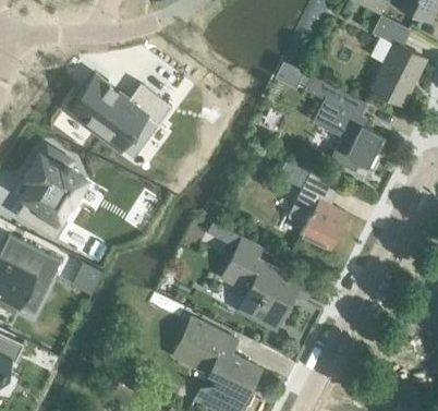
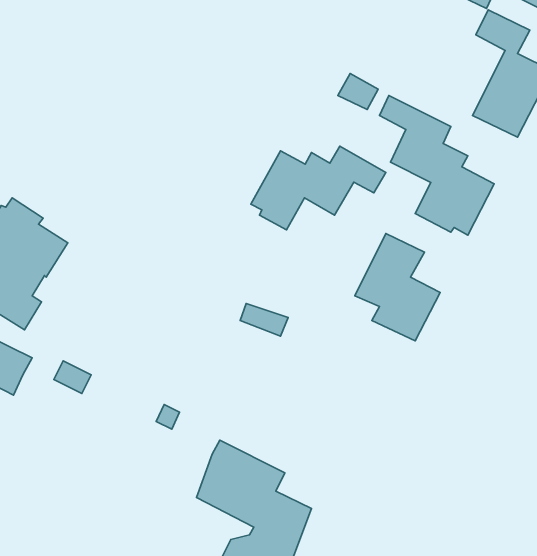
building: [69,76,172,150] -> none
building: none -> [251,146,386,230]
building: [221,238,312,330] -> none

